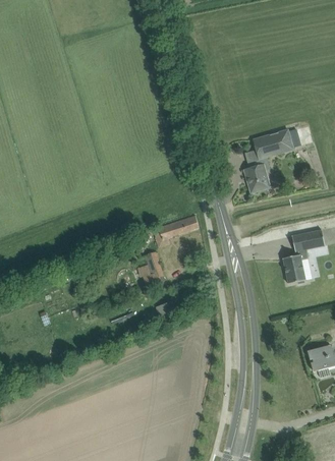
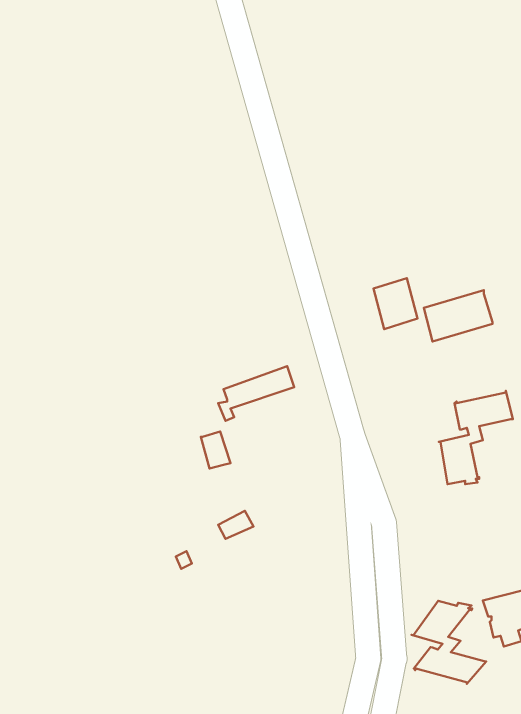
building: [254,129,293,159] -> [424,290,493,341]
building: none -> [411,601,486,684]

